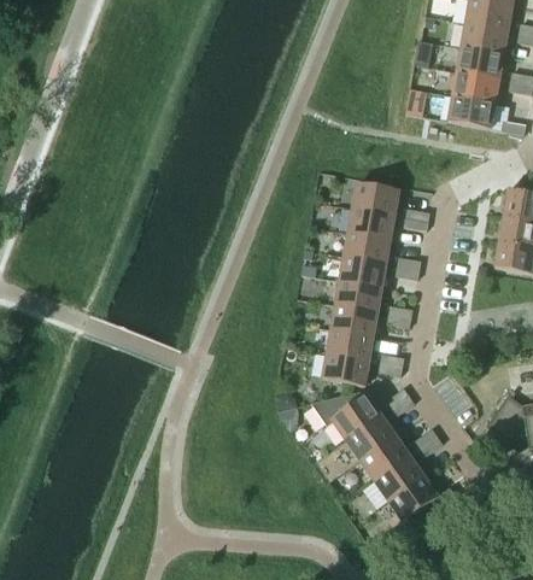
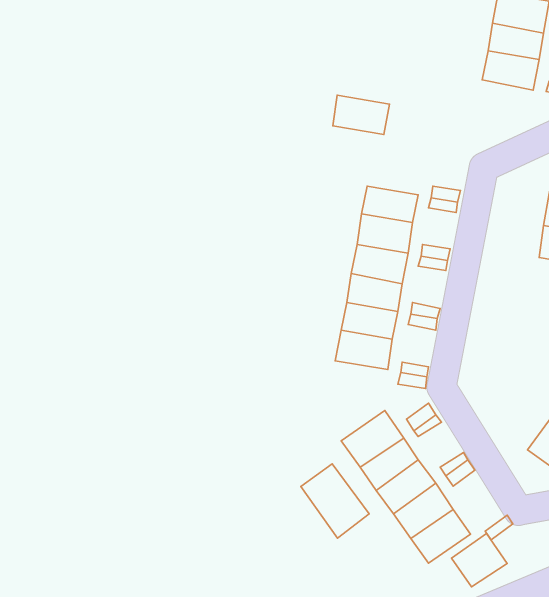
building: [353,182,400,215] -> [333,95,390,135]
building: [323,352,370,385] -> none
building: none -> [301,464,369,538]
building: none -> [451,533,507,587]

